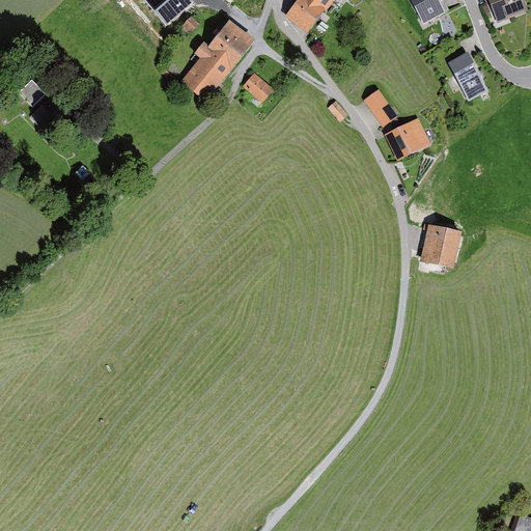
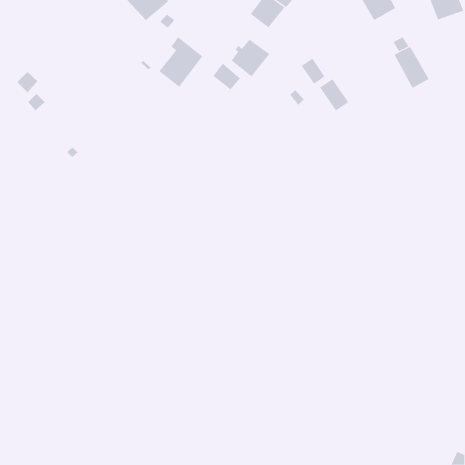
building: [207,21,252,64] -> [231,39,270,77]
building: none -> [301,58,325,85]
building: [384,118,429,160] -> none
building: [419,225,464,270] -> none

